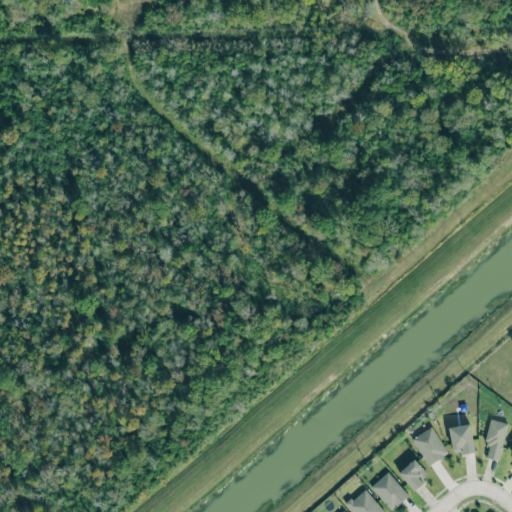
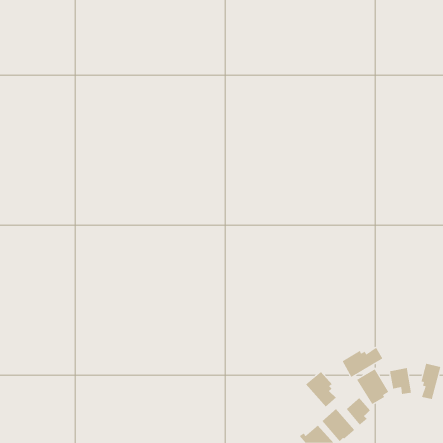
building: none -> [342,347,383,378]
building: none -> [305,371,337,407]

